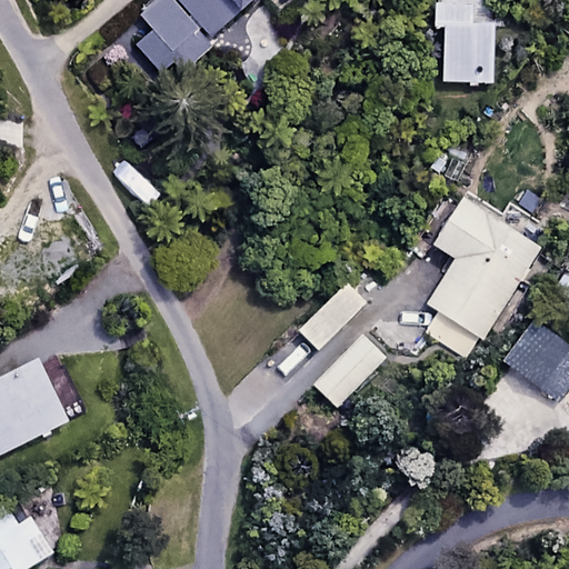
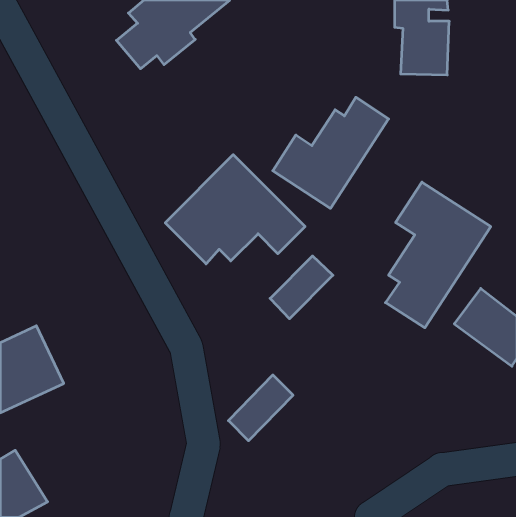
building: none -> [273,97,389,208]
building: none -> [165,155,305,264]
building: [315,335,386,407] -> [228,375,293,441]

